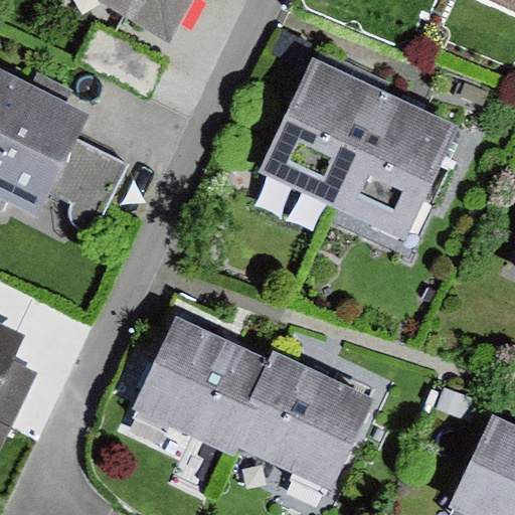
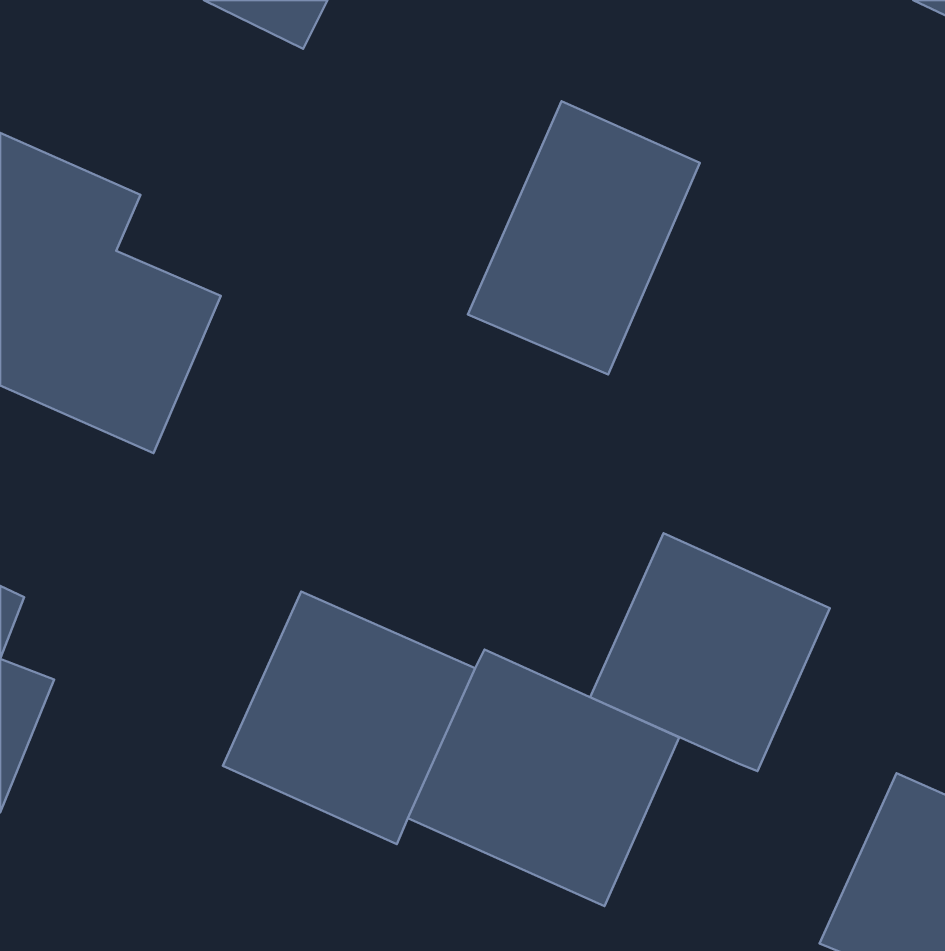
building: [333,91,458,237] -> none
building: none -> [590,533,830,771]

